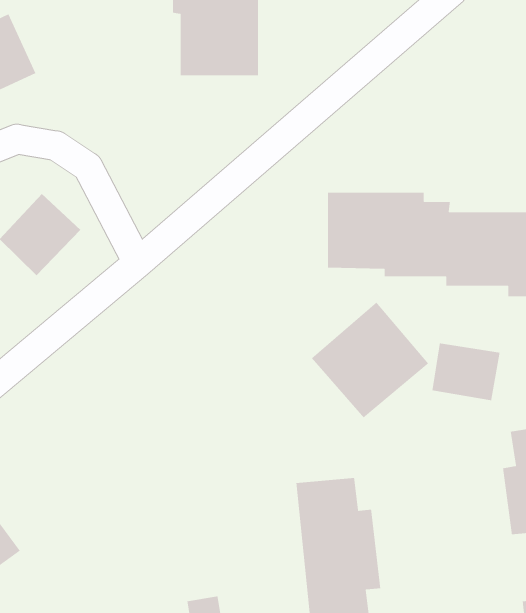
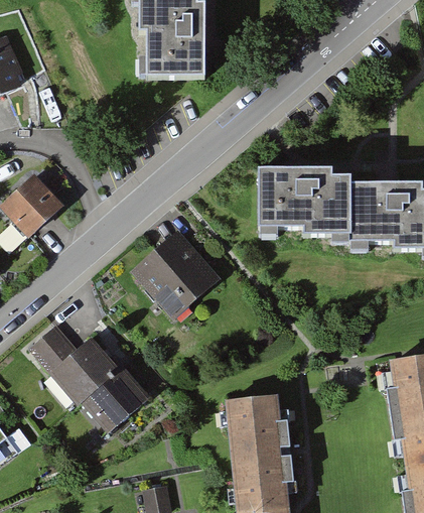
building: [311,302,429,419] -> [132,227,223,316]
building: [432,342,501,401] -> none
building: none -> [35,325,152,433]

